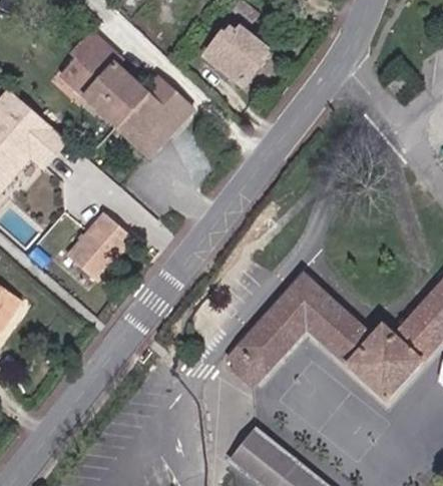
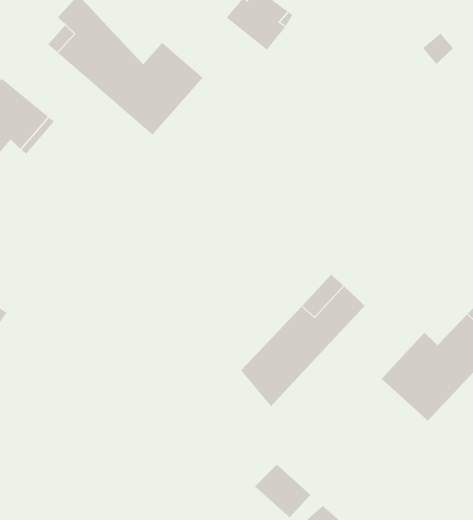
building: [72,214,138,283] -> none
building: [308,299,371,361] -> none

